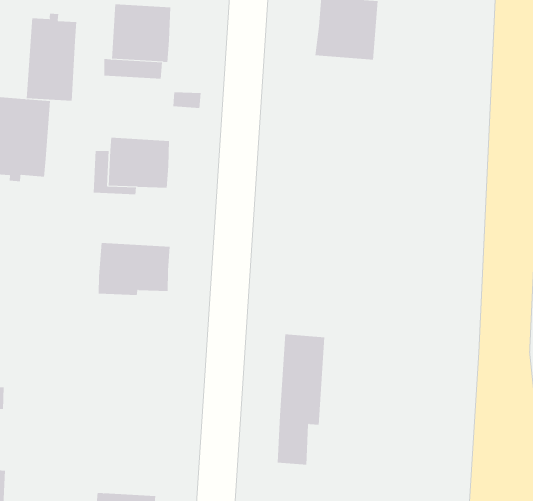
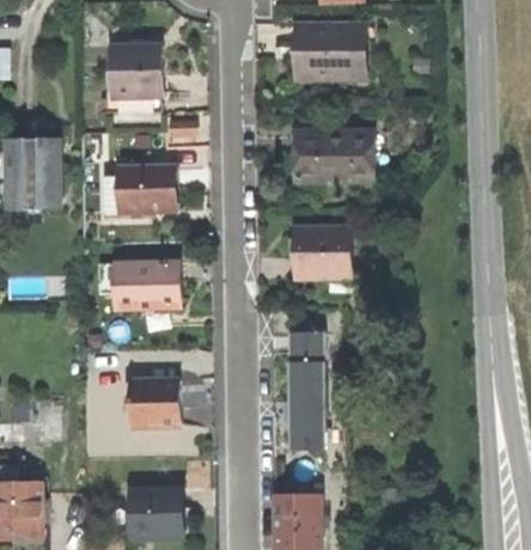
building: [26,13,77,101] -> none
building: none -> [294,132,373,182]
building: none -> [295,228,348,280]
building: none -> [129,380,179,428]

